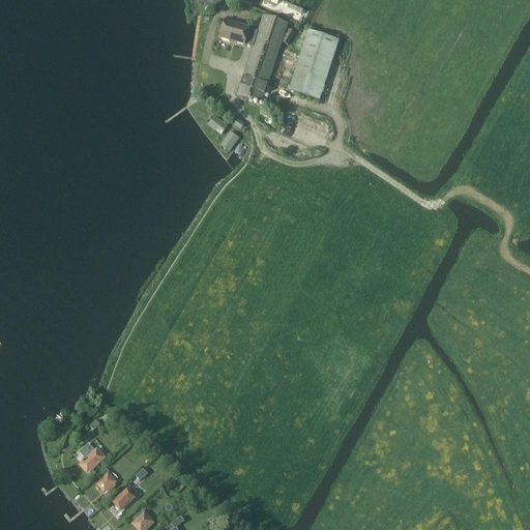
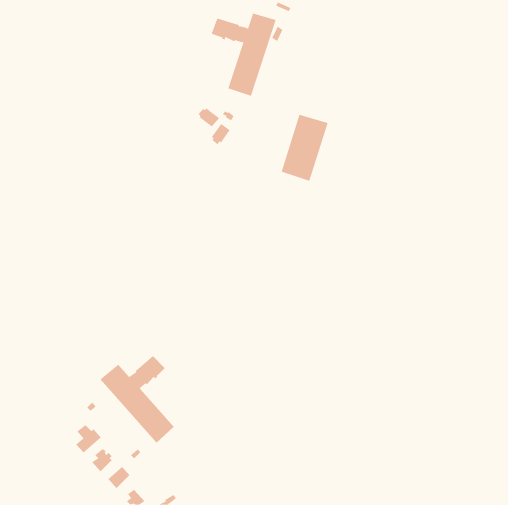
building: [290,29,340,99] -> [281,114,329,182]
building: none -> [99,355,175,443]

